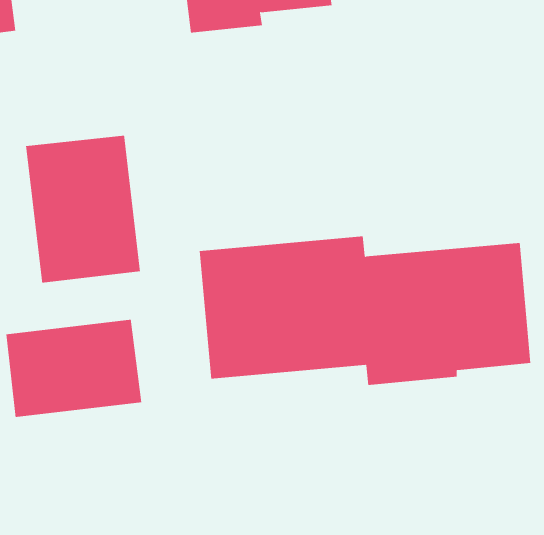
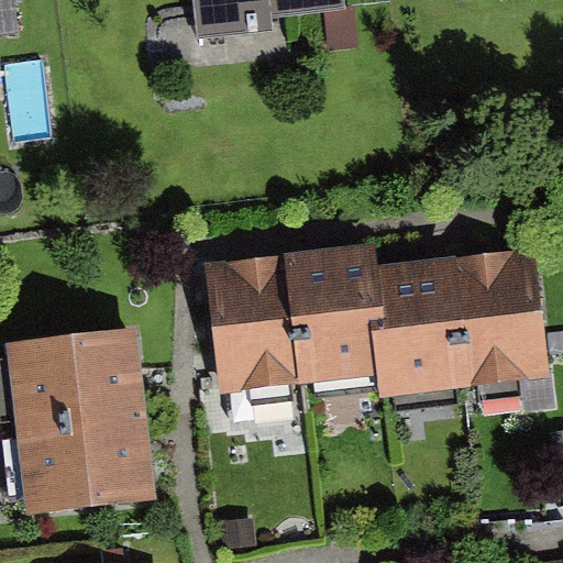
building: [26,135,141,284] -> none
building: none -> [15,415,156,516]

